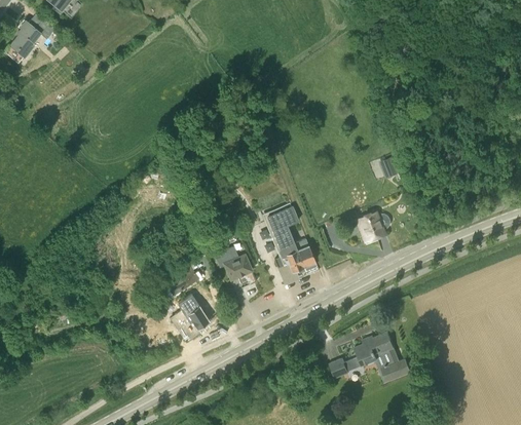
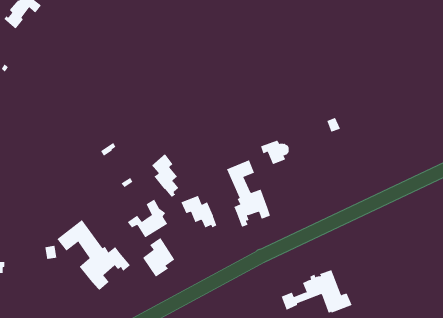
building: none -> [151,153,179,198]
building: [356,210,389,239] -> [260,140,290,165]
building: none -> [57,219,131,291]

